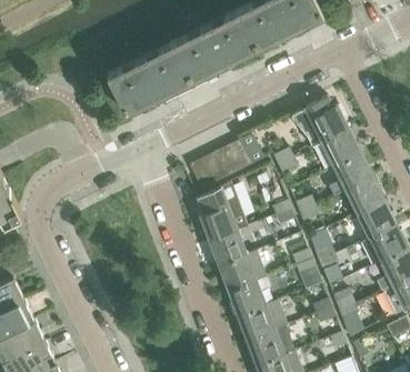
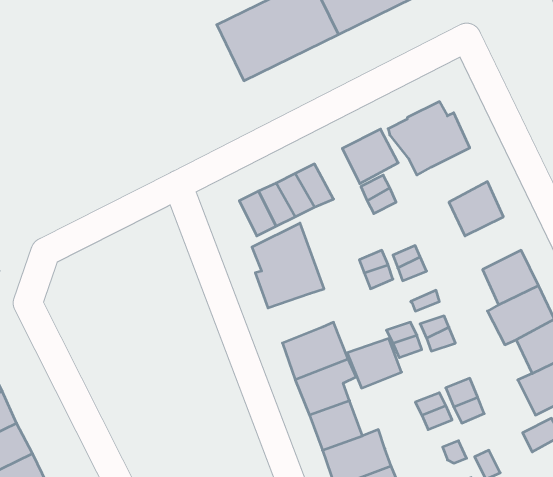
building: [107,43,192,114] -> none
building: [322,129,361,167] -> [342,129,398,184]
building: [346,177,384,213] -> none
building: [209,230,247,264] -> [347,339,402,388]

